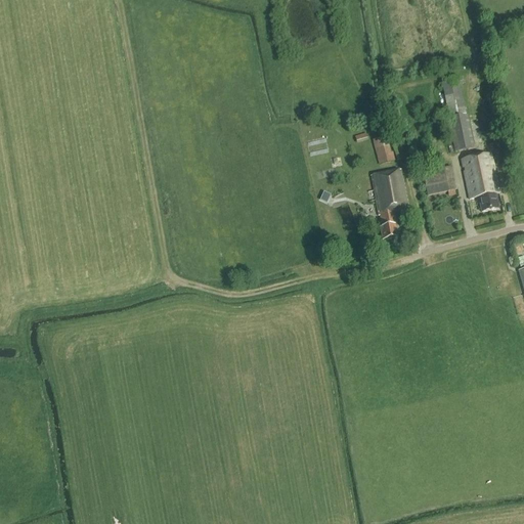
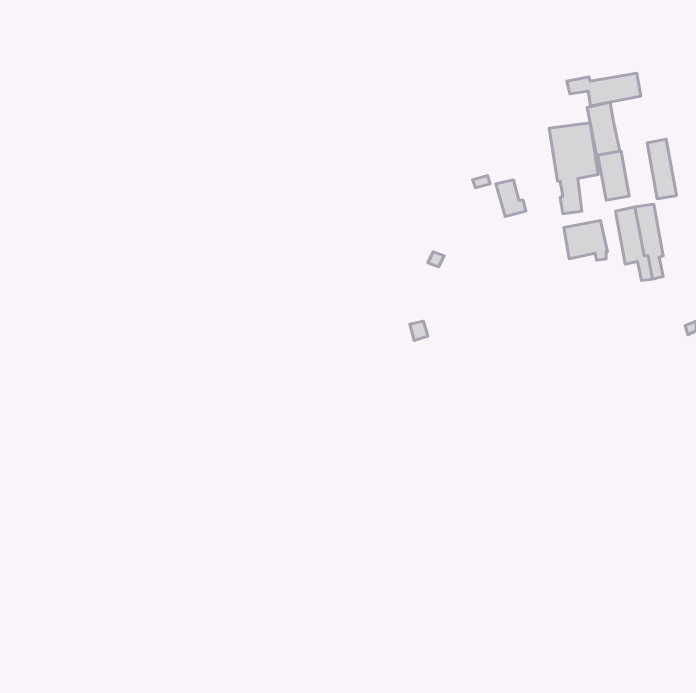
building: none -> [567,73,641,106]
building: none -> [647,139,676,199]
building: [370,169,407,237] -> [549,123,598,214]

